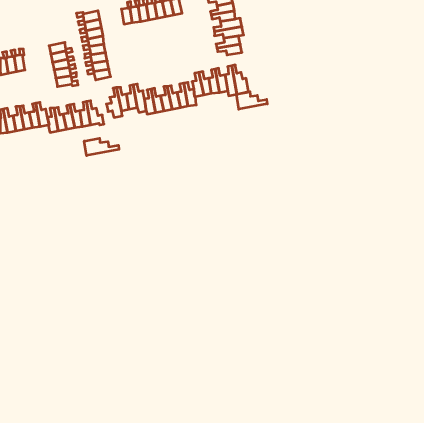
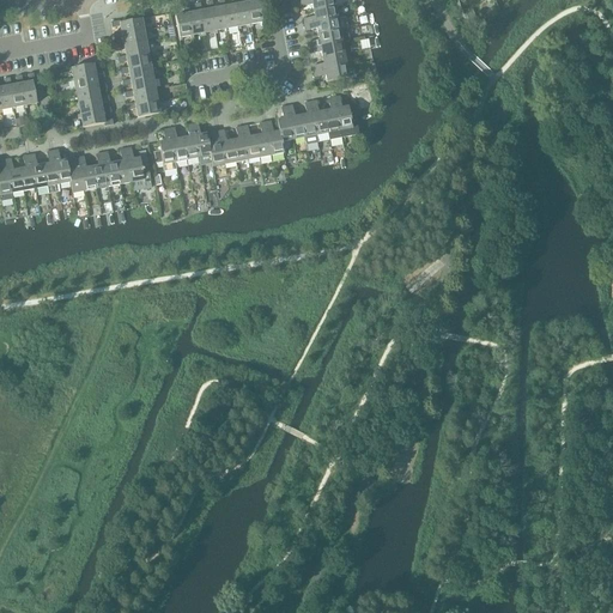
building: [236,92,267,109] -> none
building: [84,138,119,156] -> none

